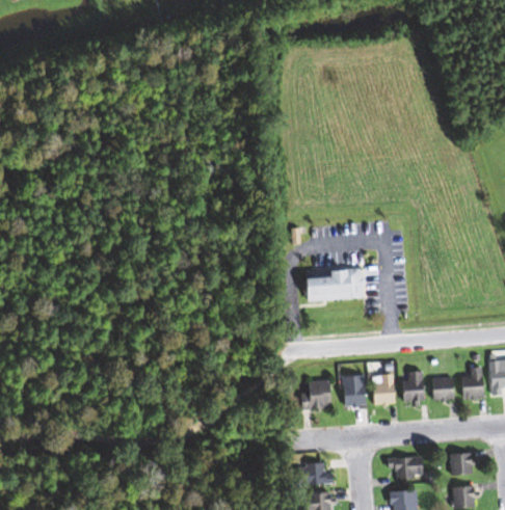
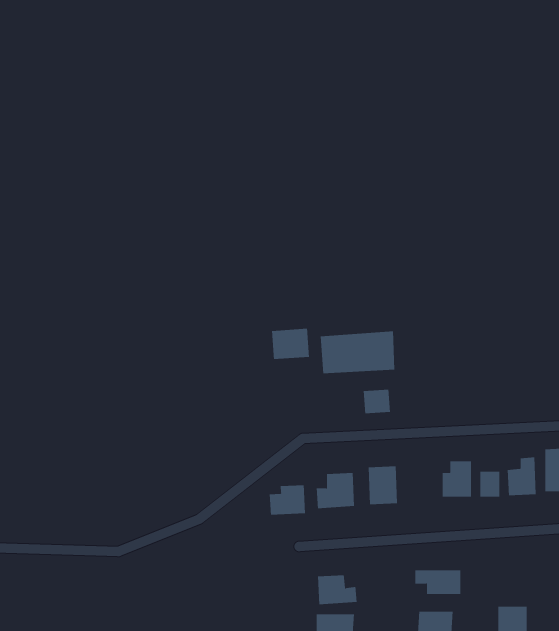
building: none -> [272,328,310,360]
building: none -> [363,389,390,414]
building: [375,374,398,404] -> none
building: none -> [269,484,306,515]
building: [447,454,472,475] -> none

